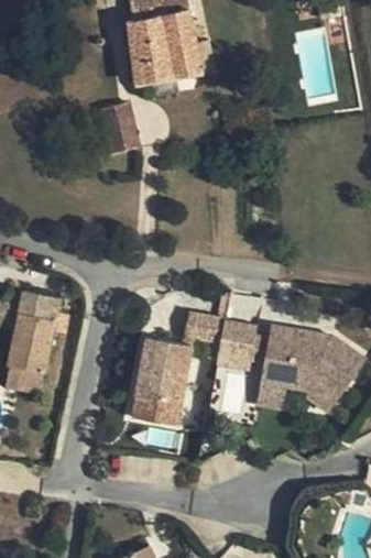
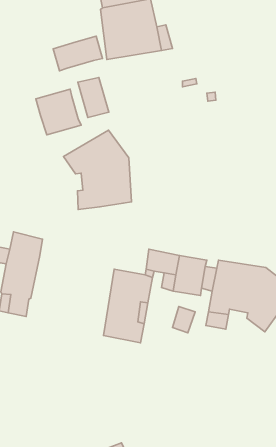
building: none -> [53,36,102,71]
building: none -> [36,89,81,135]
building: none -> [63,130,132,209]

